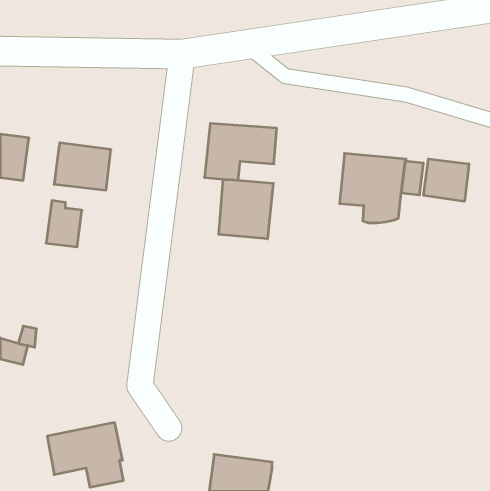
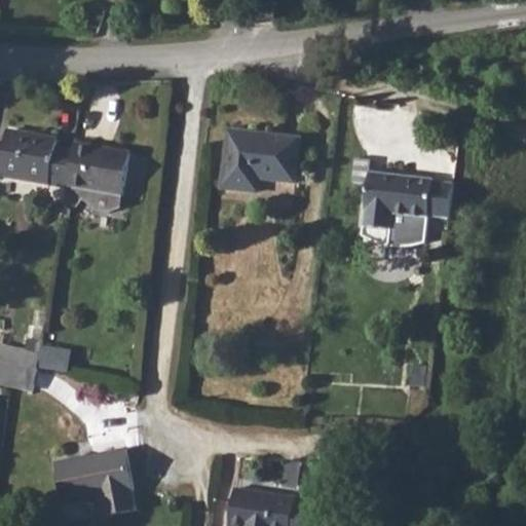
building: [424,159,469,201] -> none
building: [219,180,273,239] -> none
building: [46,201,82,247] -> [28,147,66,196]

